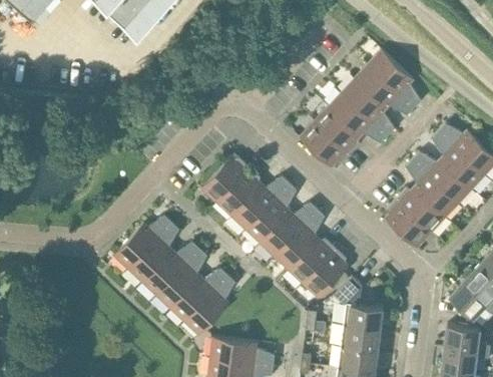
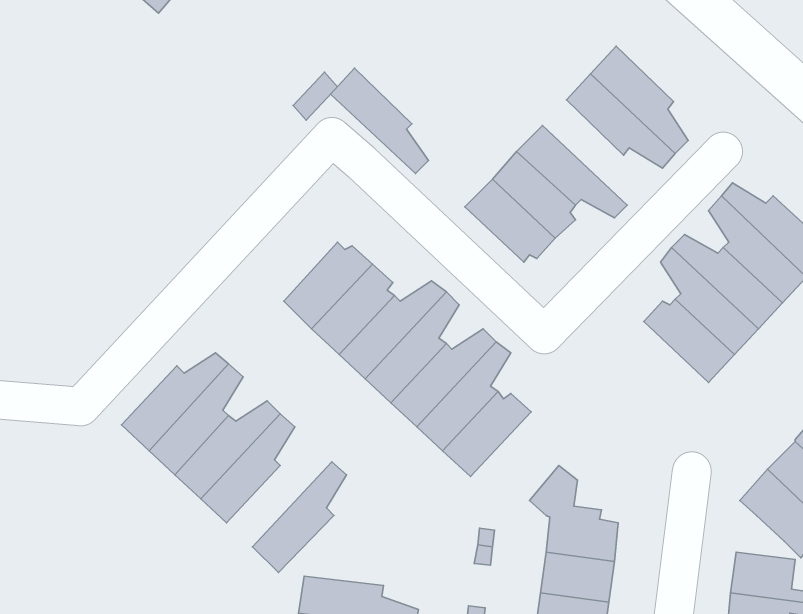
building: [342,79,395,136] -> [331,68,429,174]
building: [385,200,432,248] -> none
building: [303,249,348,299] -> none
building: [170,269,227,322] -> none

